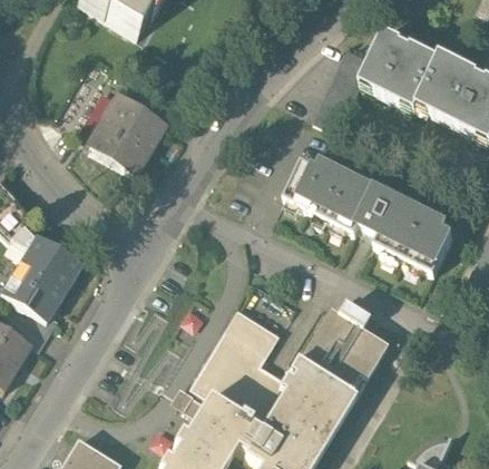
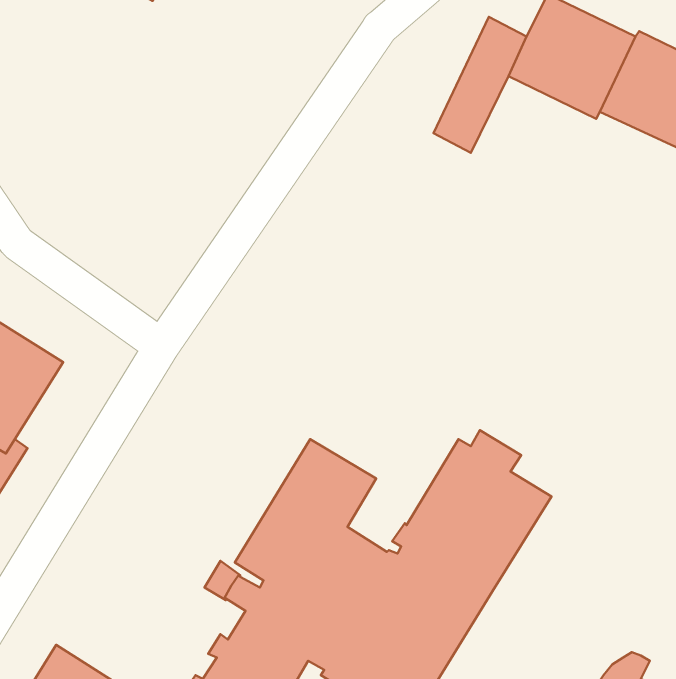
building: [85,94,164,173] -> none
building: [286,158,456,271] -> none

